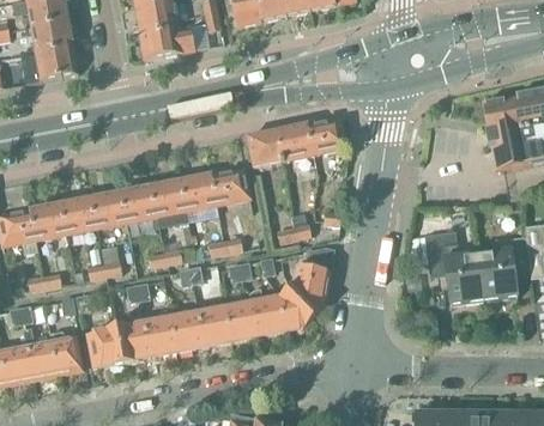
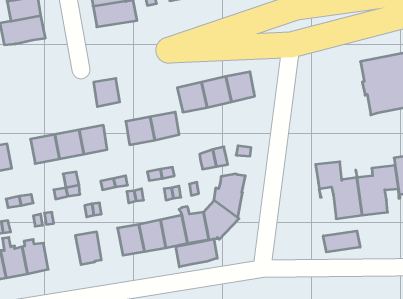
building: [152,181,186,217] -> [94,78,120,107]
building: [29,203,65,241] -> none
building: [144,317,177,358] -> none
building: none -> [323,231,360,252]
building: [89,327,123,367] -> none
building: none -> [176,239,217,267]

